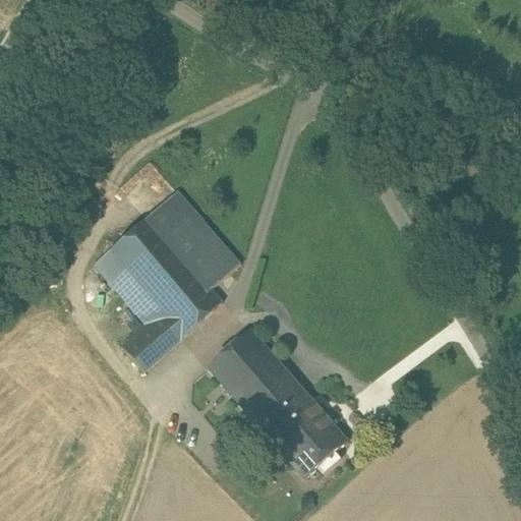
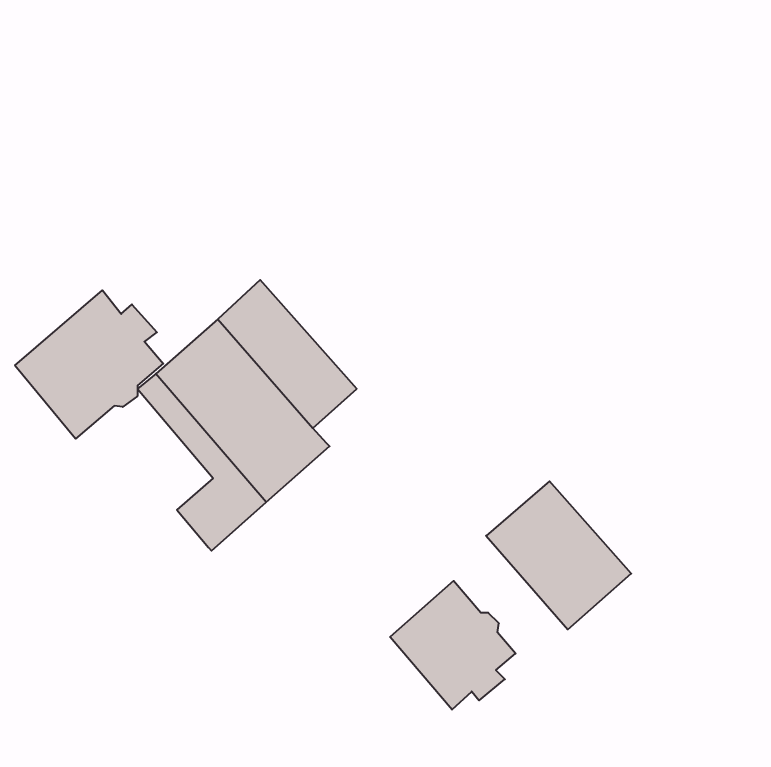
building: none -> [15,290,163,439]
building: [208,329,305,428] -> [486,481,631,629]

